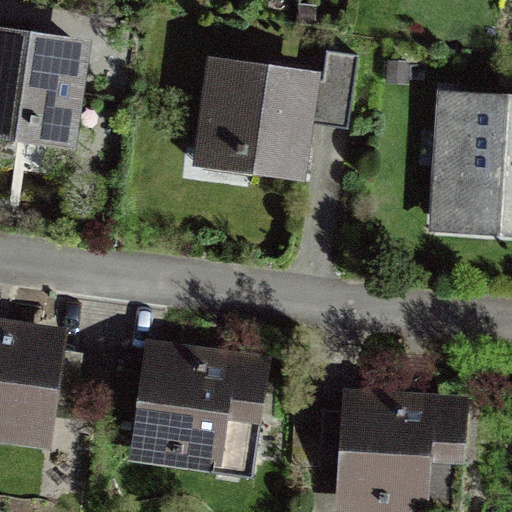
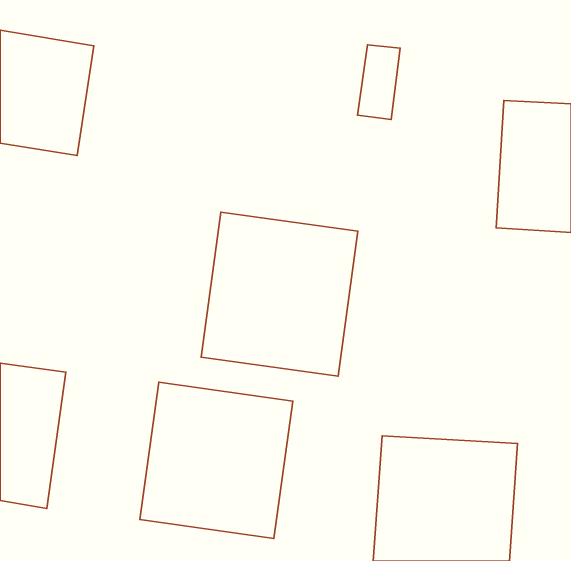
building: [197,59,314,165] -> none
building: none -> [201,212,358,376]

